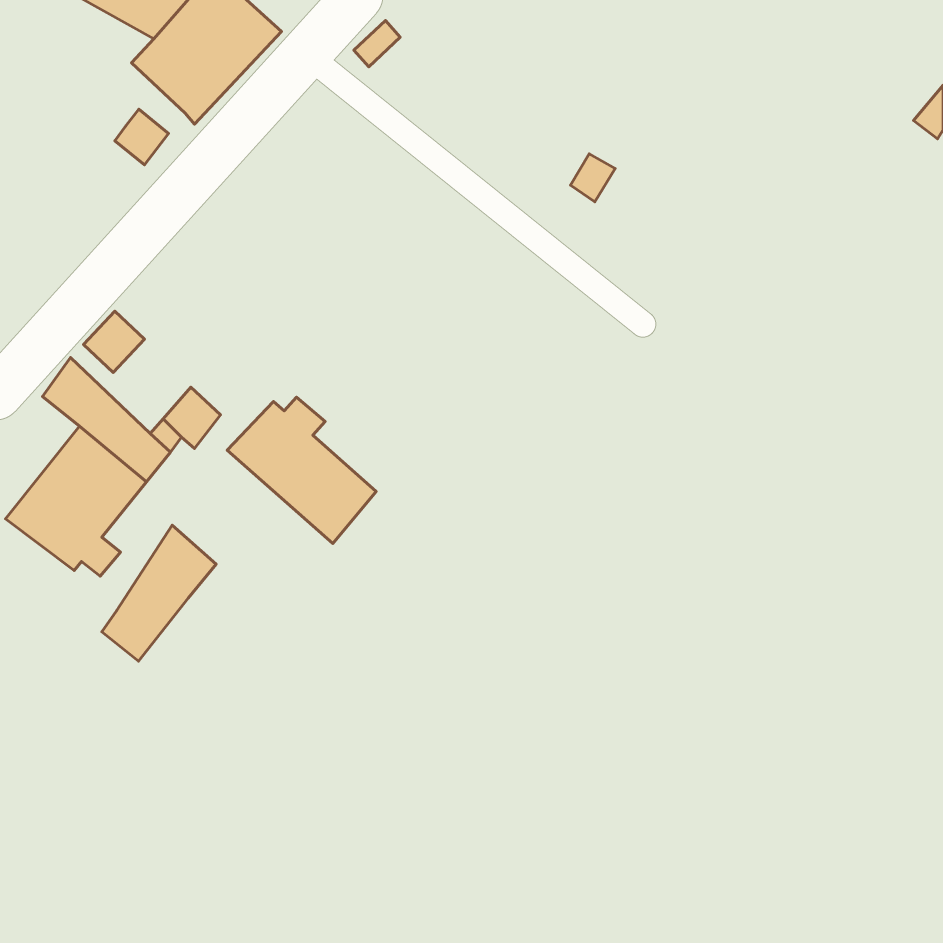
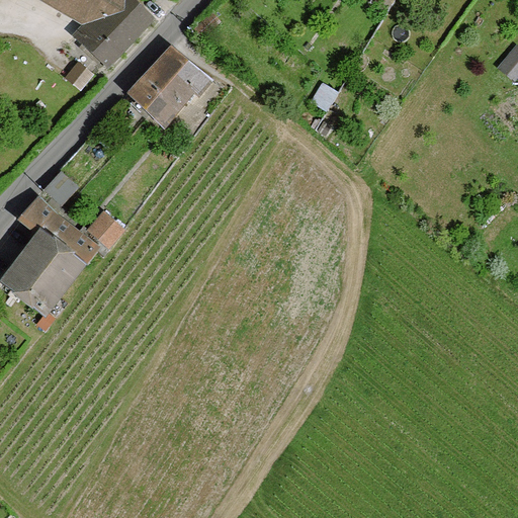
building: none -> [130,50,202,126]
building: [227,397,376,544] -> none
building: [102,525,216,661] -> none

